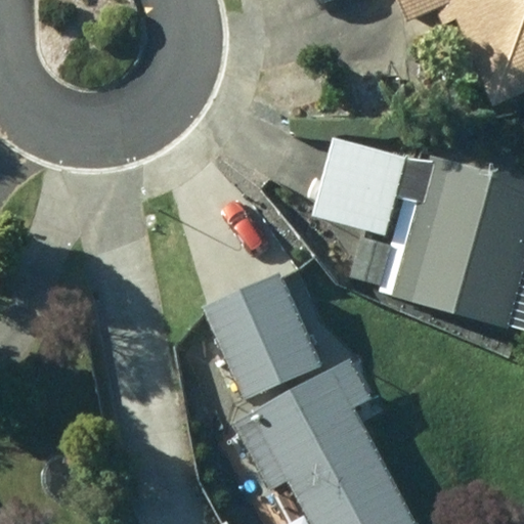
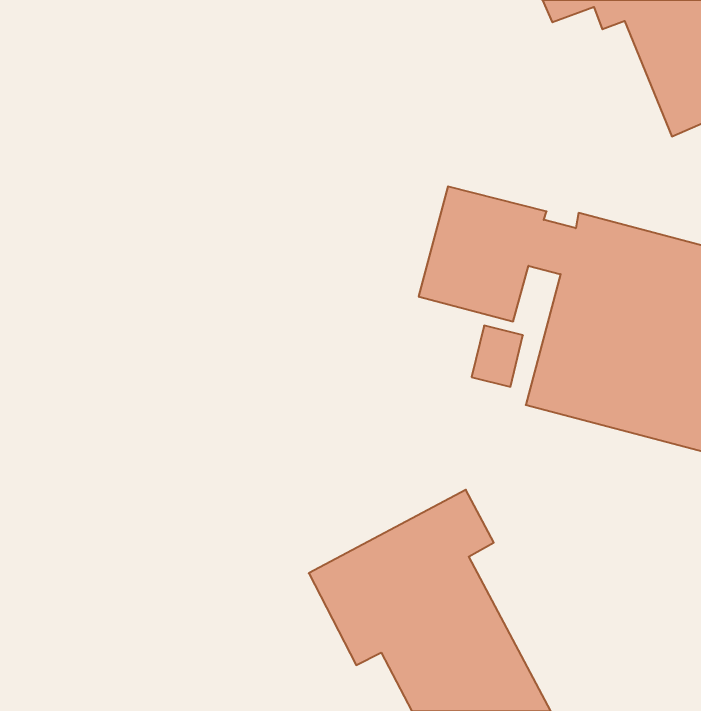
building: [200,269,322,398] -> none

